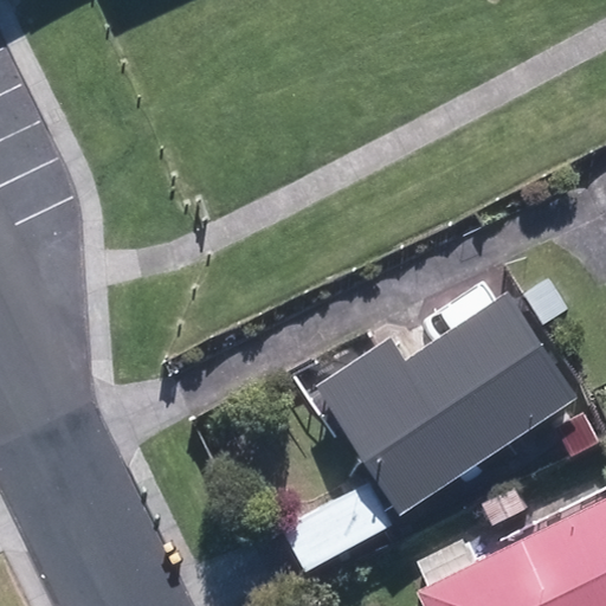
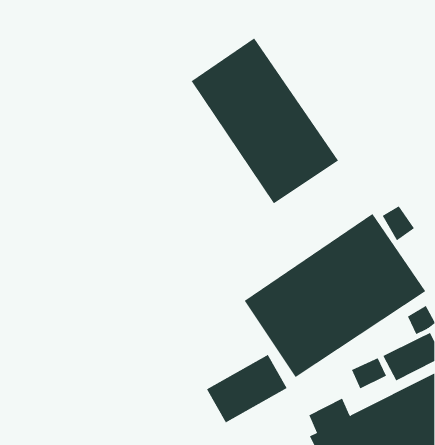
building: none -> [191,38,339,204]

